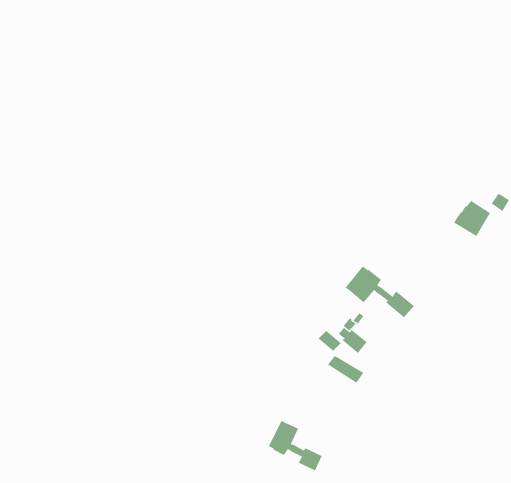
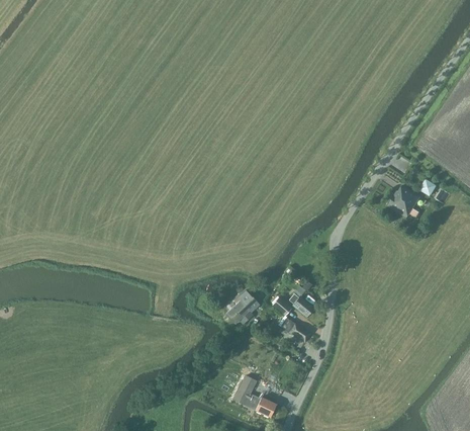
building: [345,266,415,318] -> none
building: none -> [225,289,260,325]

